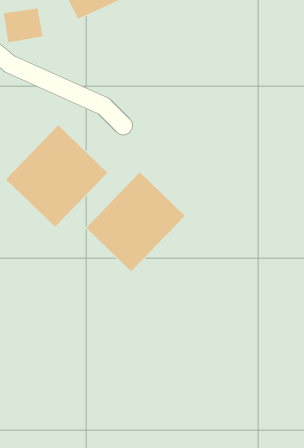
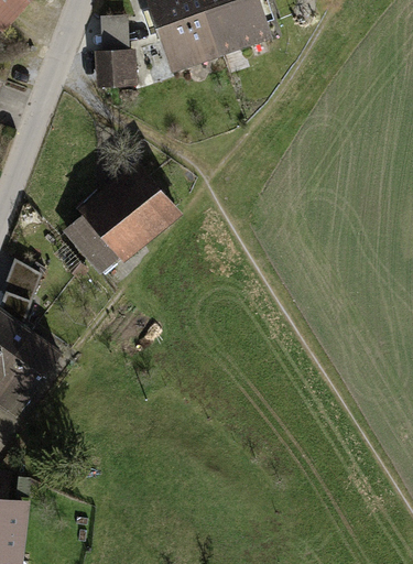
building: [86,172,186,272] -> none

